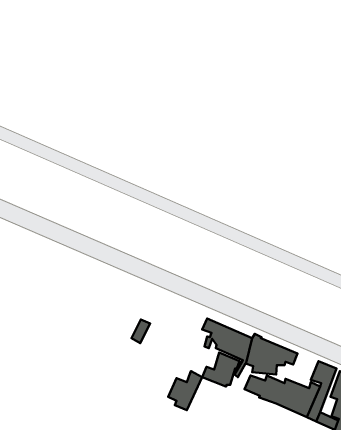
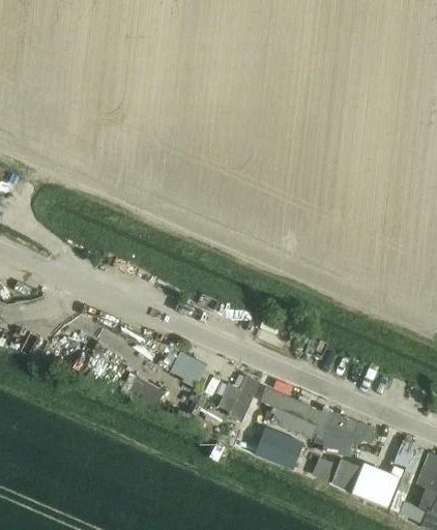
building: none -> [170,352,205,388]
building: none -> [128,377,165,409]
building: [168,371,202,410] -> [219,376,260,423]

